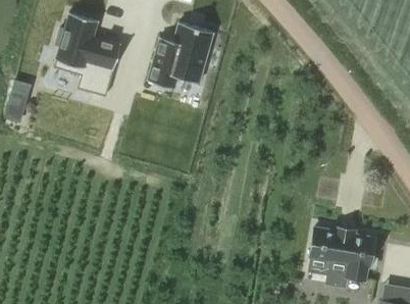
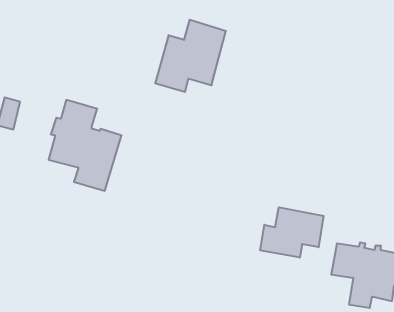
building: [53,11,120,95] -> [49,100,122,191]
building: none -> [260,207,324,258]

